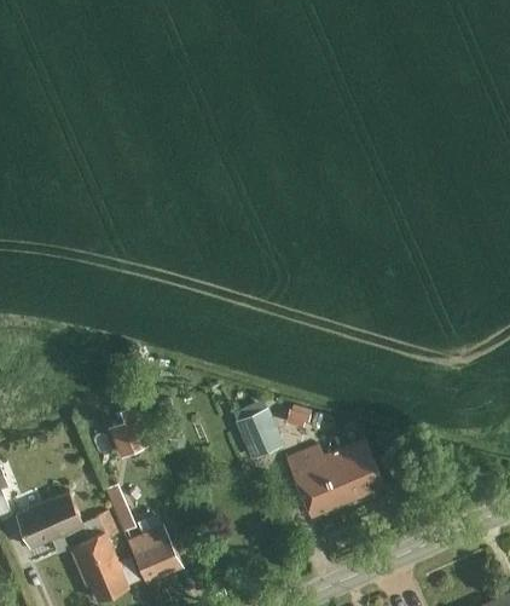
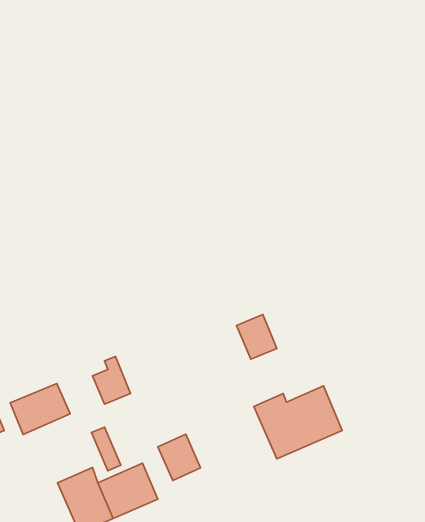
building: [234,409,279,458] -> [237,315,277,359]
building: [15,491,81,548] -> [10,383,70,435]
building: none -> [158,434,201,480]

